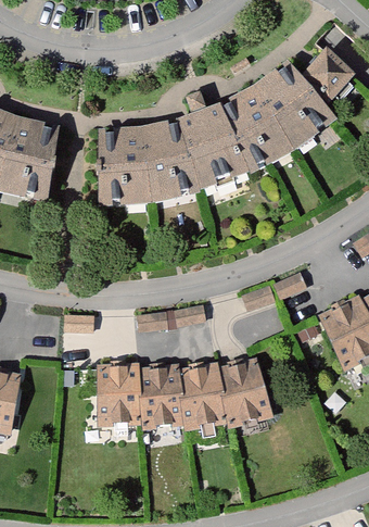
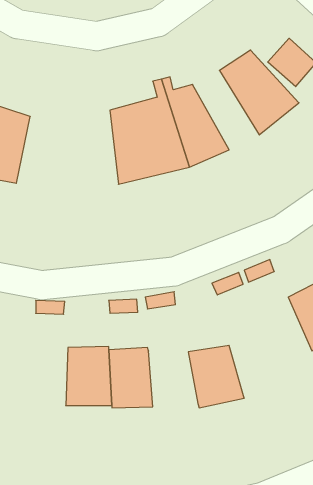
building: [224,85,291,165] -> none
building: [94,125,149,204] -> none
building: [179,364,229,429] -> none

